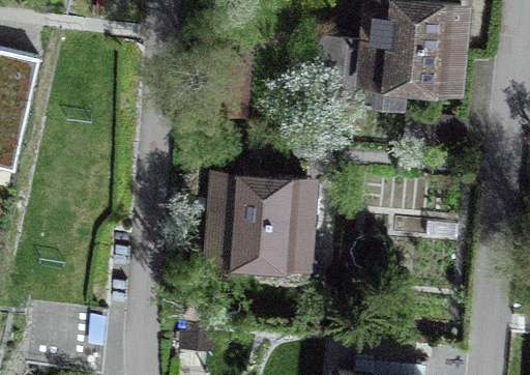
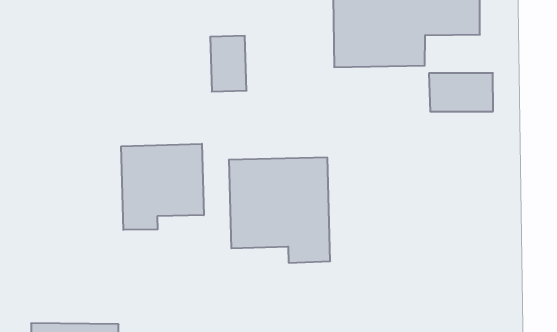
building: none -> [121,144,204,230]

